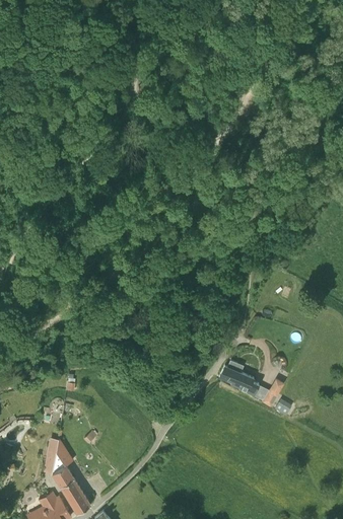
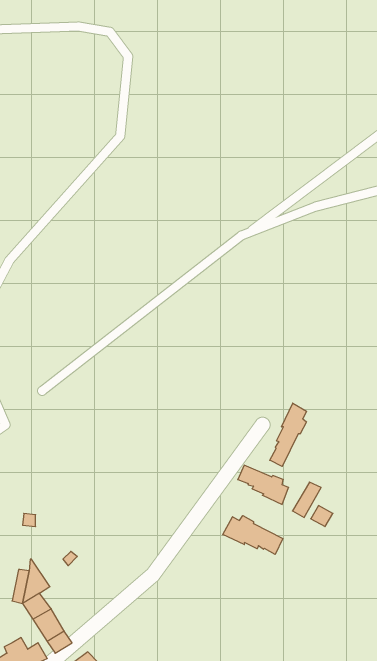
building: none -> [270,403,307,466]
building: none -> [223,516,283,554]

